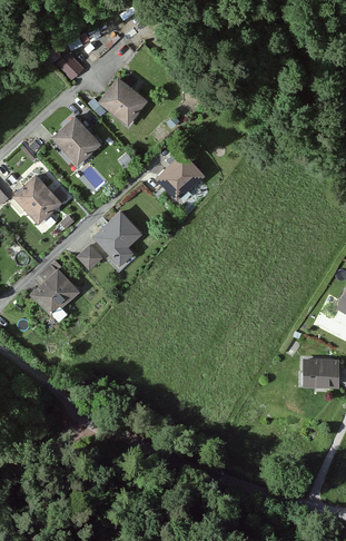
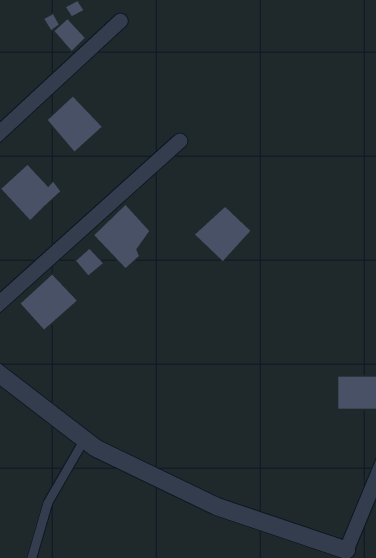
building: [99,76,149,124] -> none
building: [155,154,204,201] -> [194,206,251,262]

